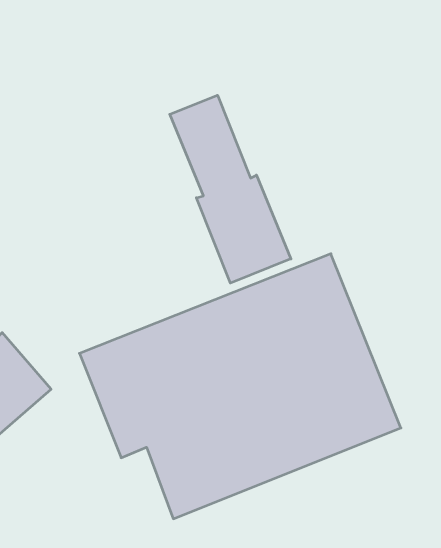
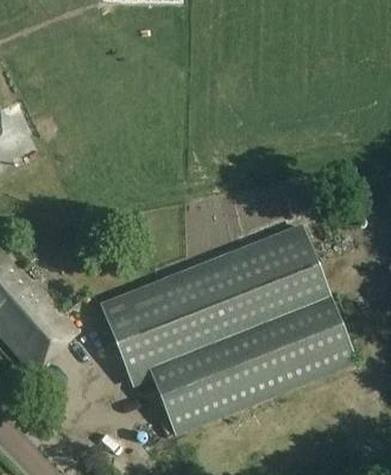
building: [170,95,291,283] -> none

